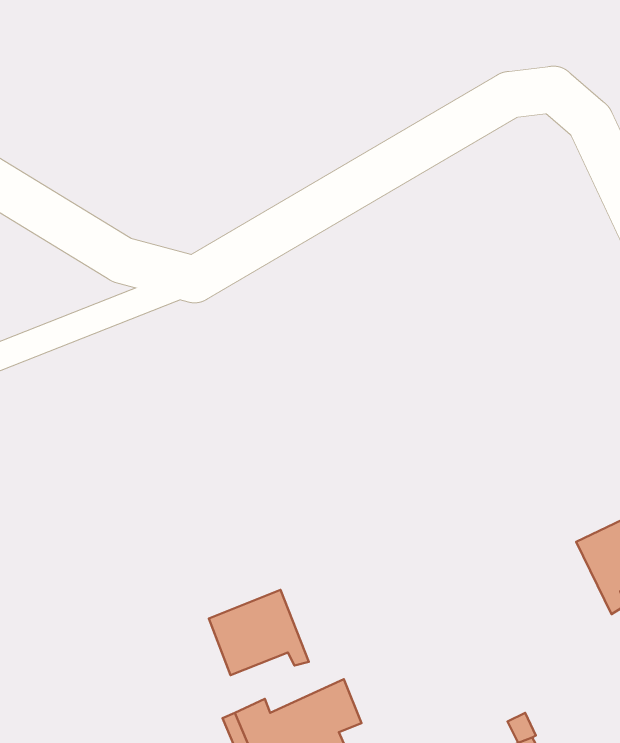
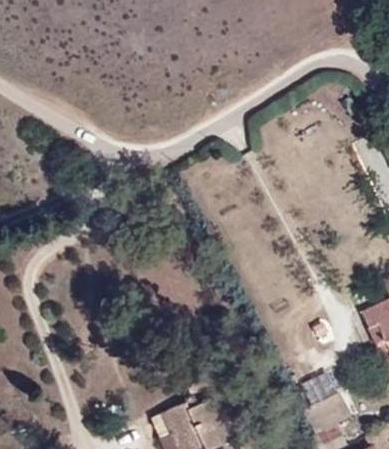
building: [209,590,309,675] -> none

